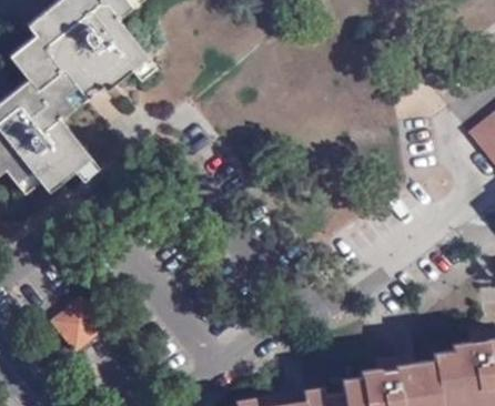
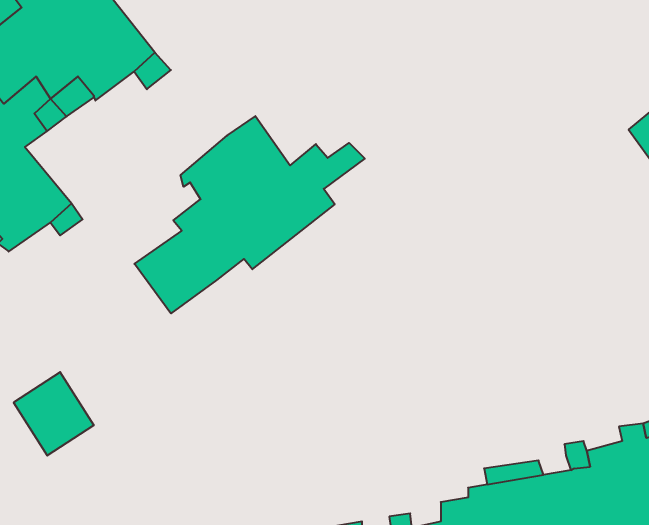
building: none -> [134,116,365,313]

